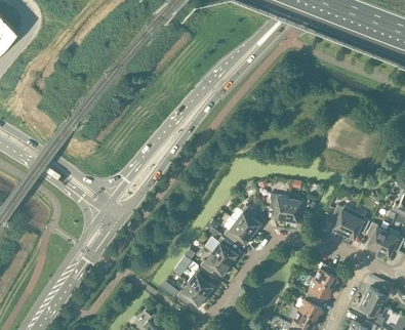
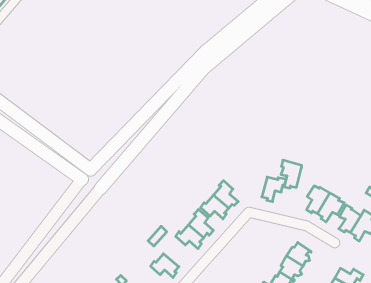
building: [271,194,291,221] -> [281,160,302,188]
building: [189,269,216,296] -> none

